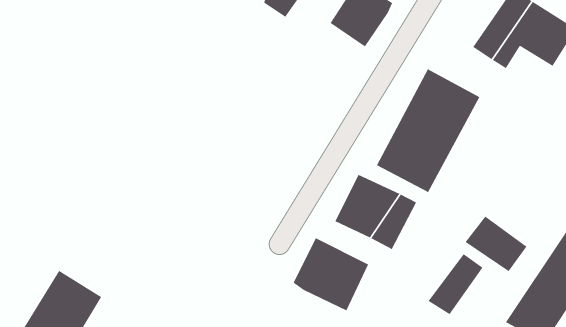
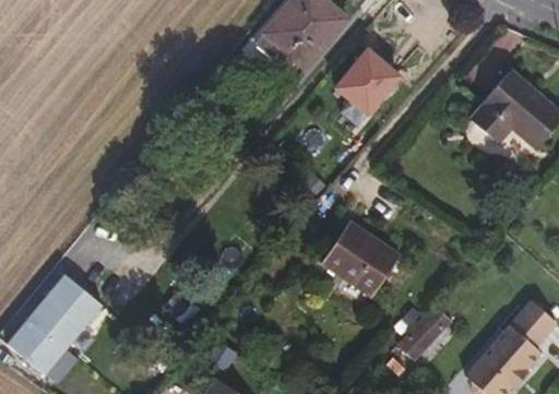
building: [376,68,481,193] -> none
building: [464,215,527,272] -> none
building: [293,237,369,311] -> none

